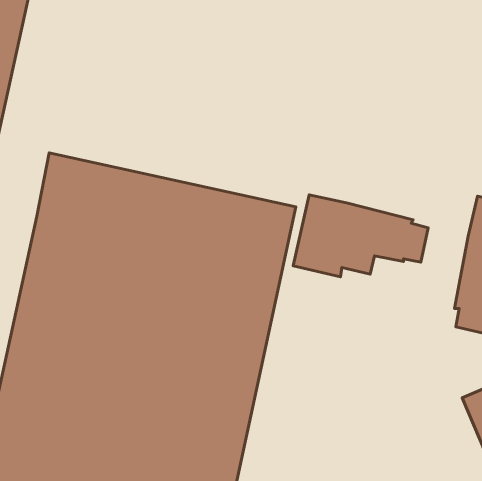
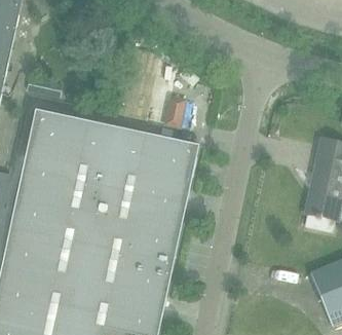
building: [293,195,428,277] -> none

